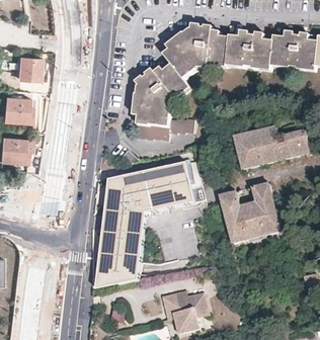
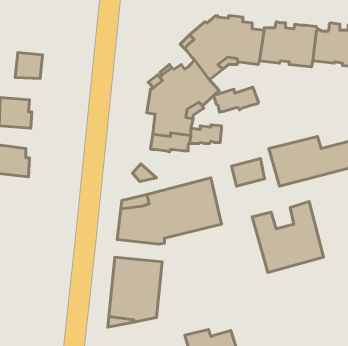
building: none -> [214,87,258,112]
building: none -> [231,158,264,186]
building: [101,215,144,234] -> none

